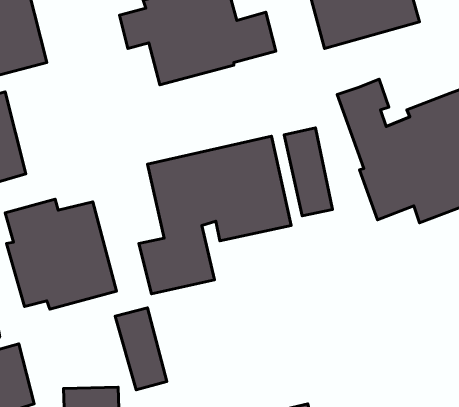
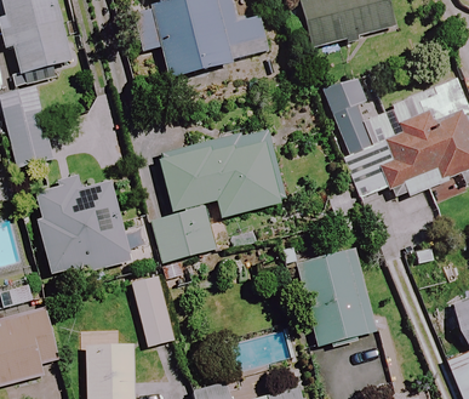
building: [284,128,332,216] -> none
building: none -> [296,249,376,346]

